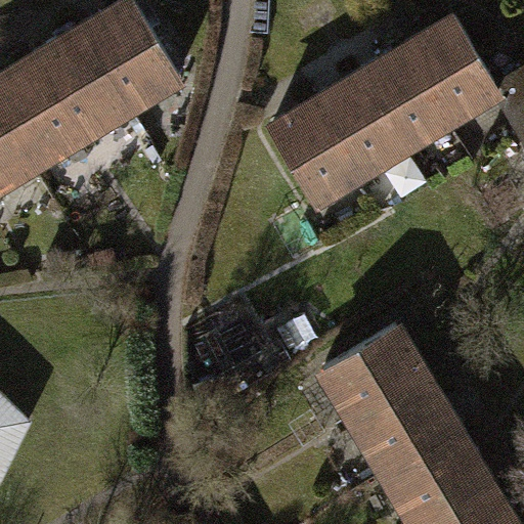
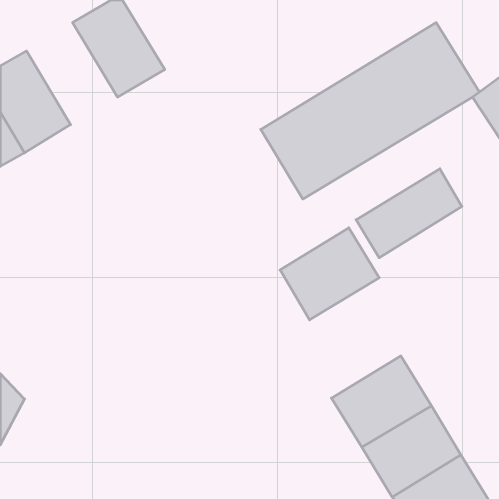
building: [30,26,125,132] -> none
building: none -> [356,169,462,258]
building: [317,321,421,418] -> [280,228,379,320]

